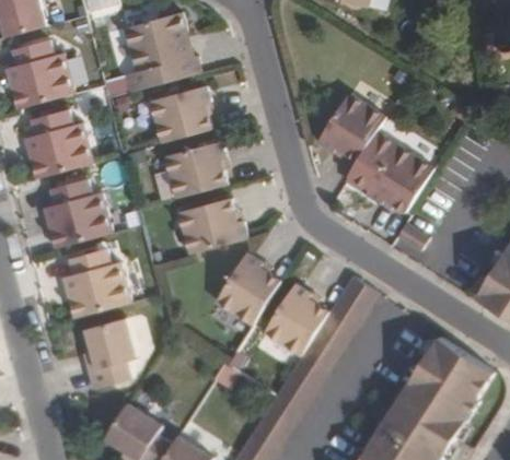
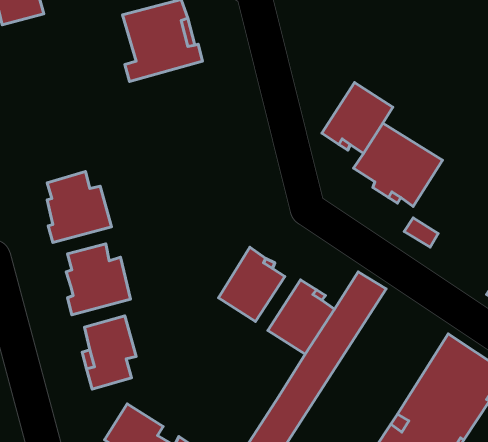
building: [10,39,73,108] -> none
building: [148,85,210,142] -> none
building: [28,108,92,178] -> none
building: [163,140,225,198] -> none
building: [176,193,246,253] -> none

